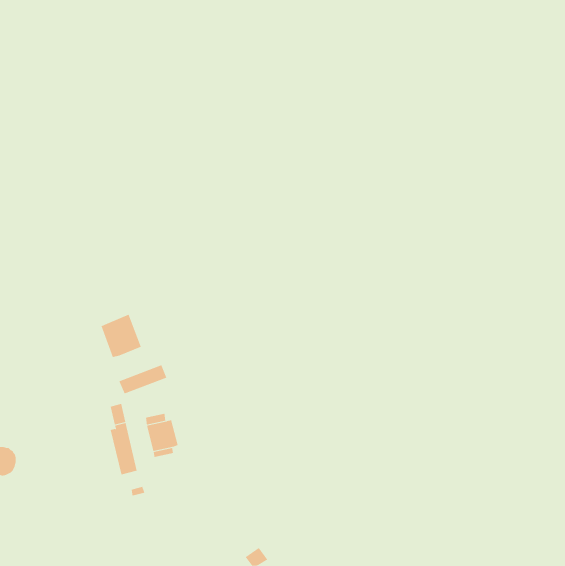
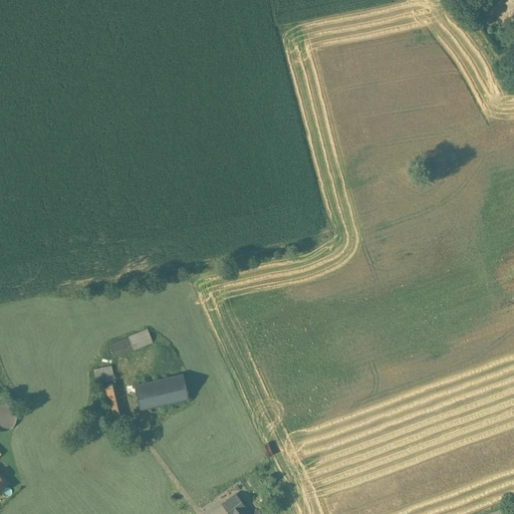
building: [101,314,141,358] -> none
building: none -> [156,374,188,404]

